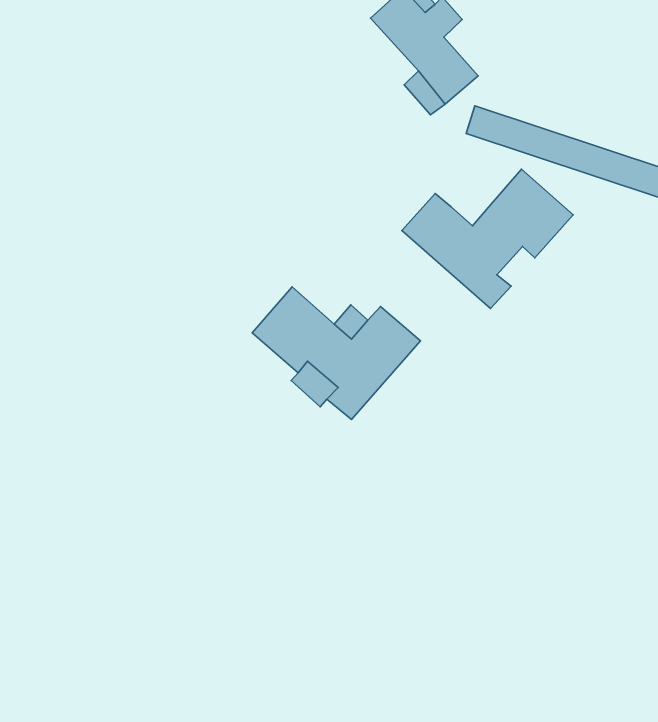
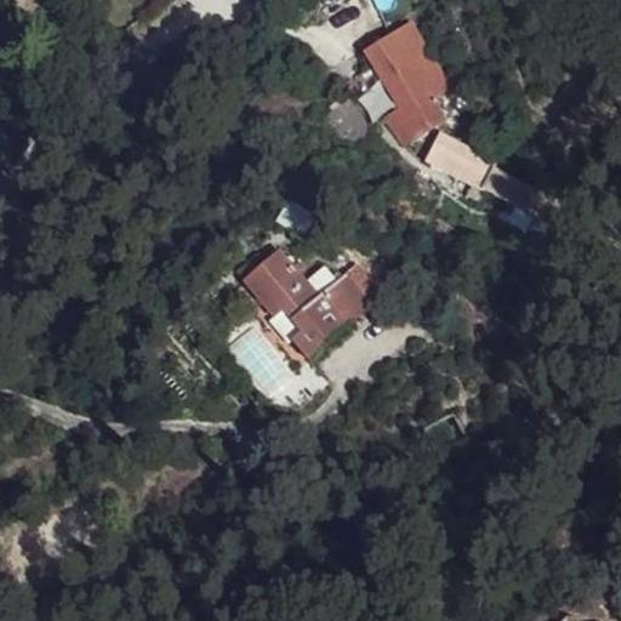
building: [402,169,573,308] -> none

